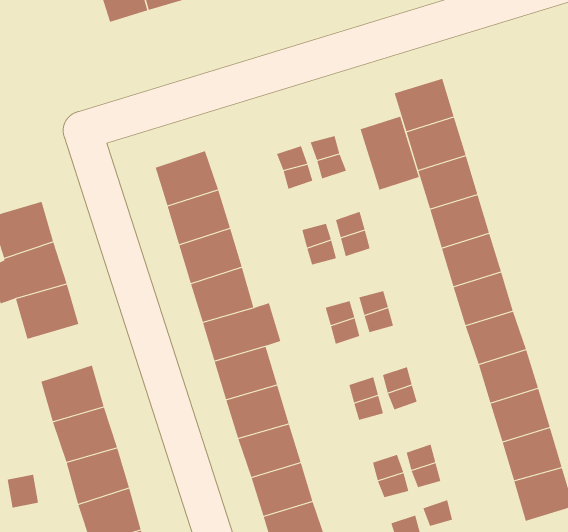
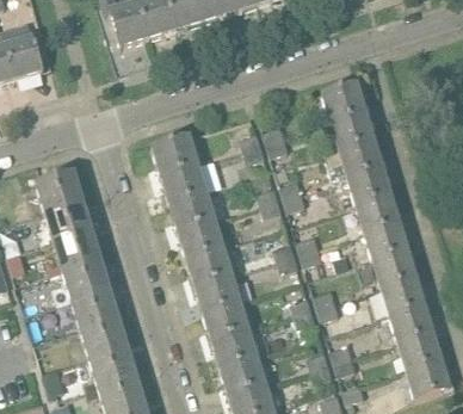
building: [360,116,420,191] -> none
building: none -> [62,258,109,298]

